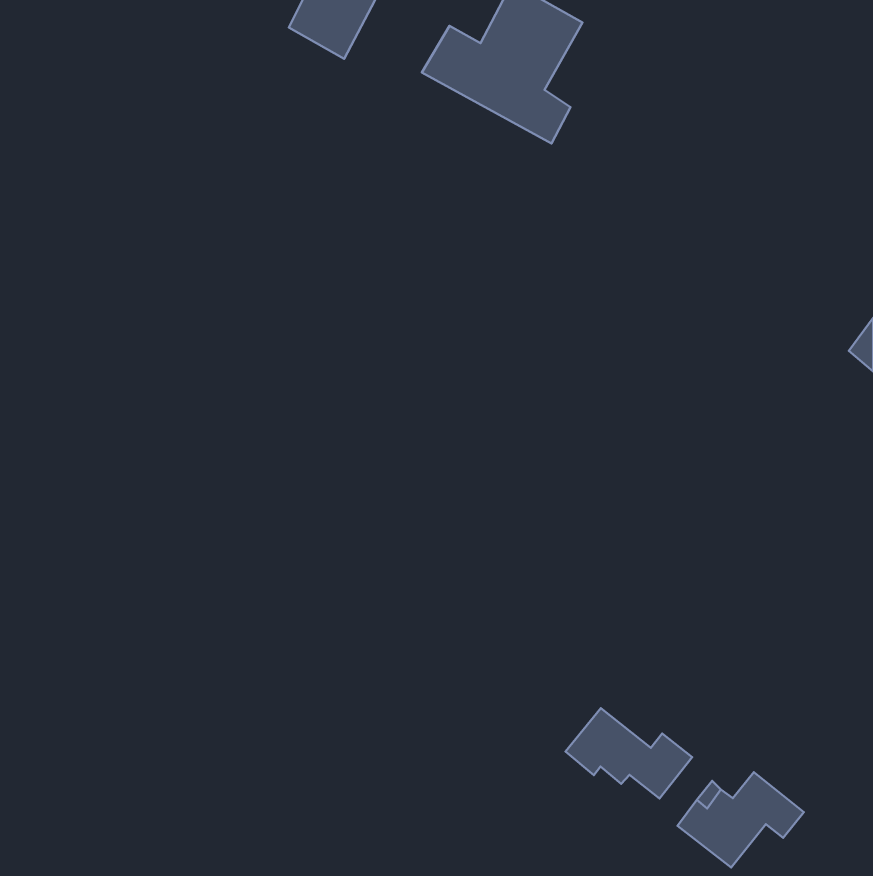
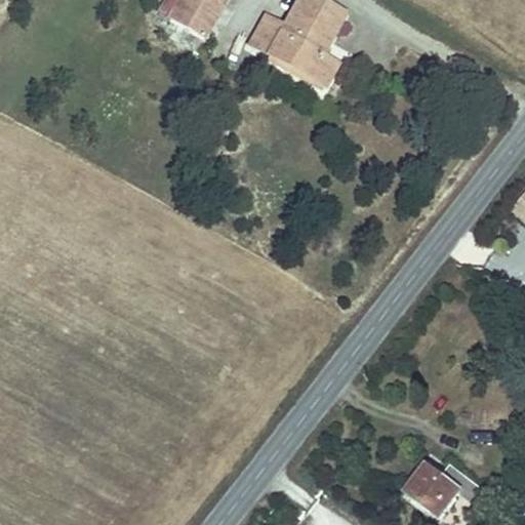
building: [565,708,692,798] -> none

